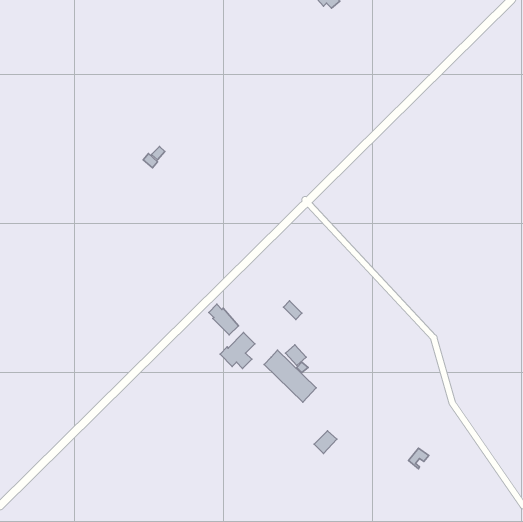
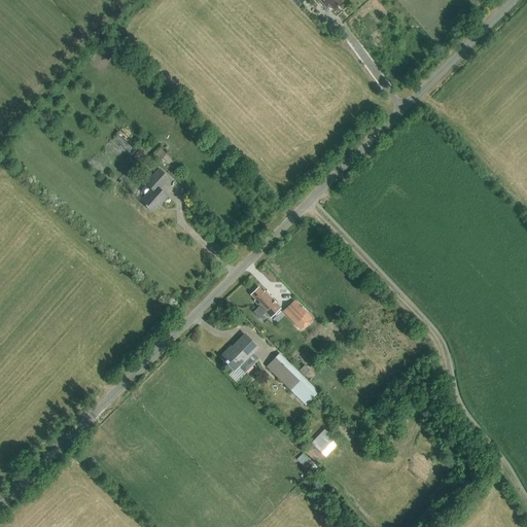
building: none -> [140,169,169,210]
building: [209,304,238,335] -> [250,286,280,317]

